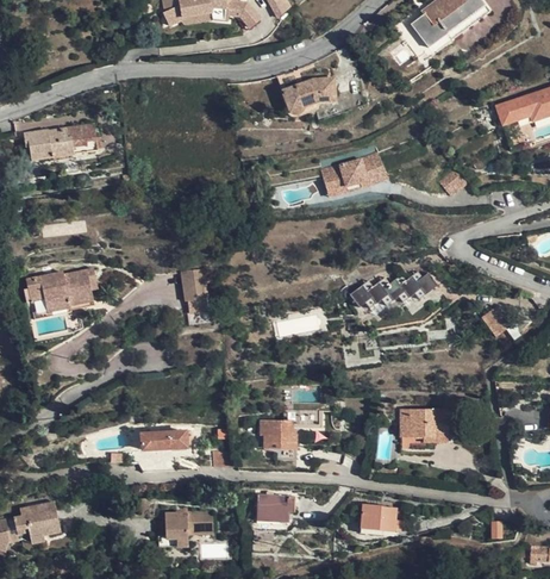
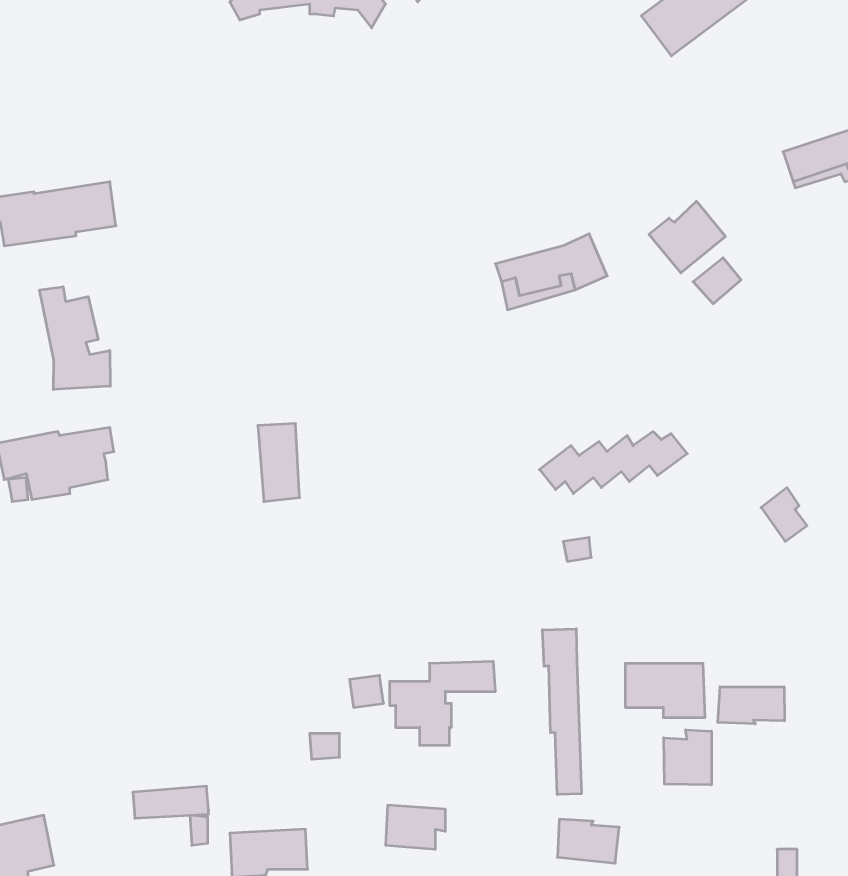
building: [281,68,333,114] -> none
building: none -> [649,201,725,273]
building: none -> [40,287,110,390]
building: none -> [542,629,581,795]
building: none -> [718,687,784,724]
building: [140,430,186,449] -> [133,786,209,818]
building: none -> [664,730,711,785]

